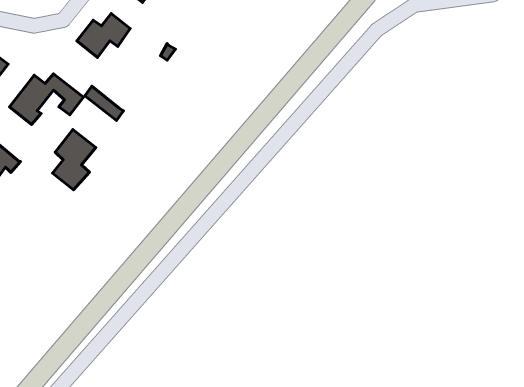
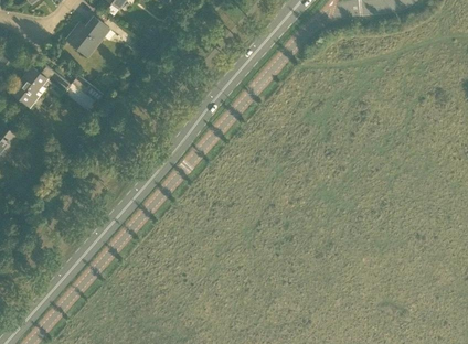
building: [53,130,96,190] -> none

